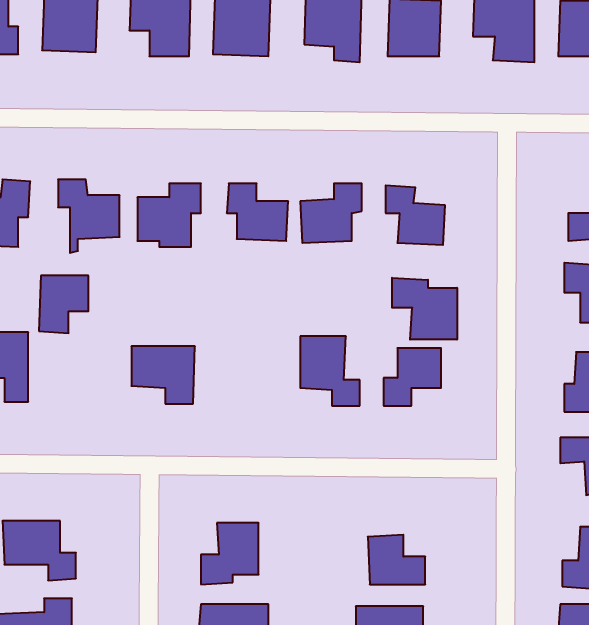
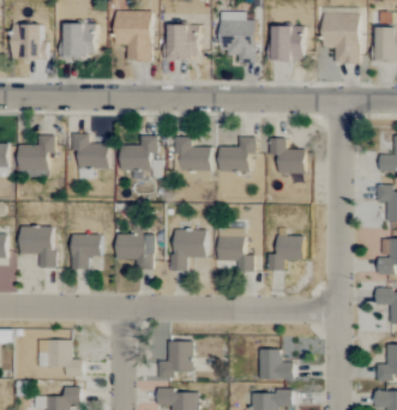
building: [39,276,88,333] -> [71,235,101,270]
building: [392,278,457,340] -> none
building: none -> [173,230,206,271]

